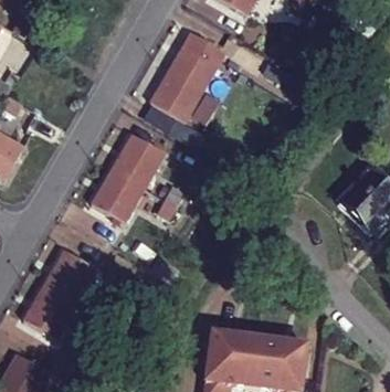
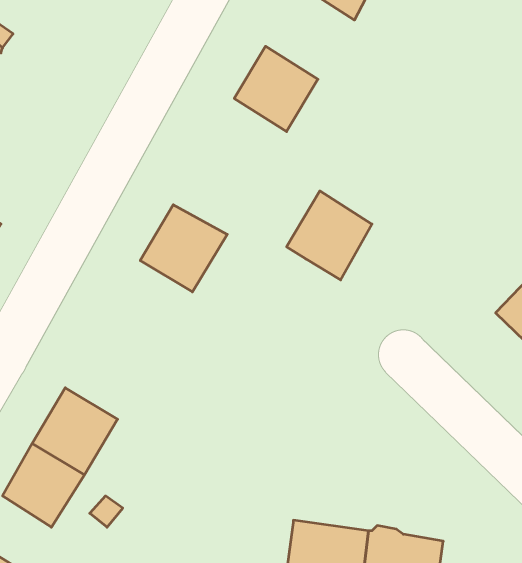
building: [151,65,205,121] -> [287,191,372,280]
building: [93,168,146,221] -> none

